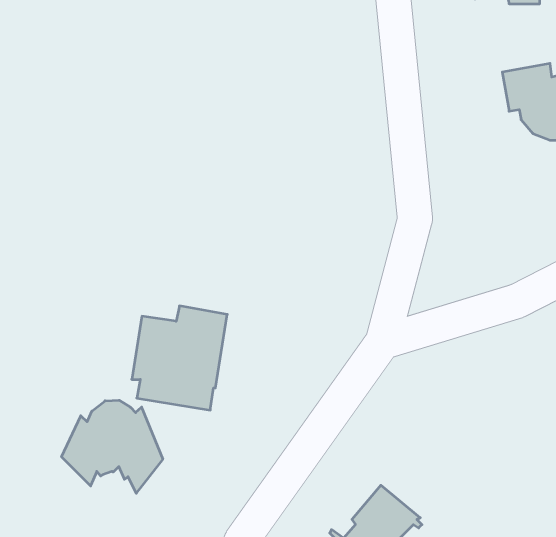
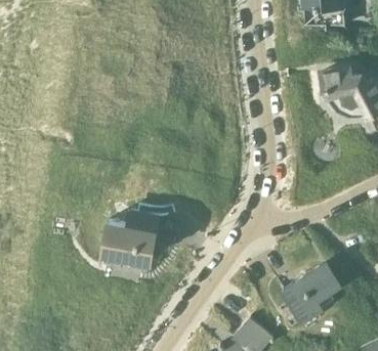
building: none -> [283,265,337,321]
building: [62,400,163,493] -> none

